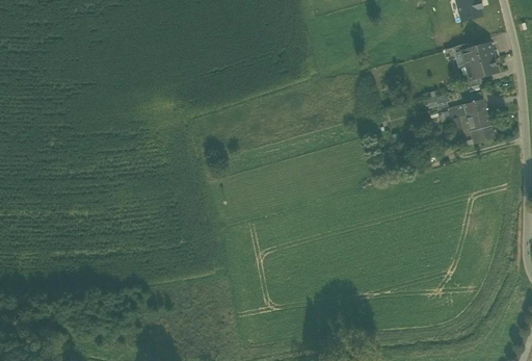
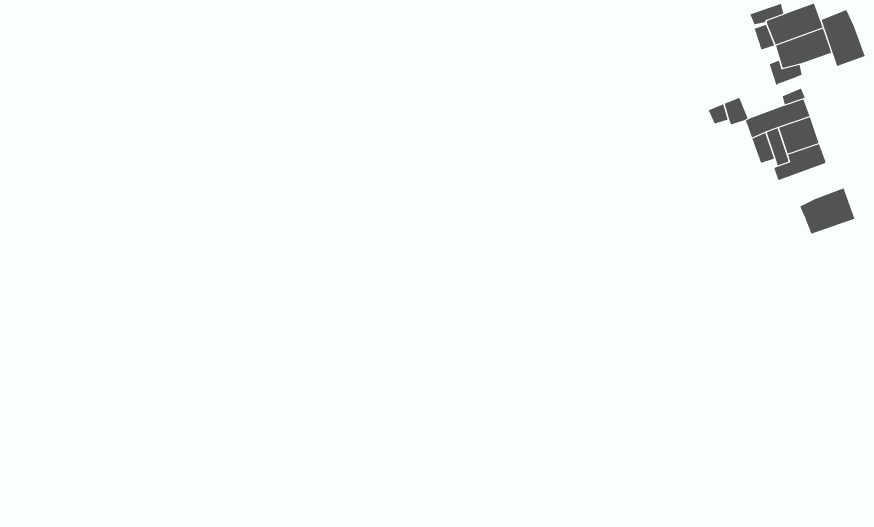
building: none -> [821,9,865,67]
building: none -> [800,188,855,234]

